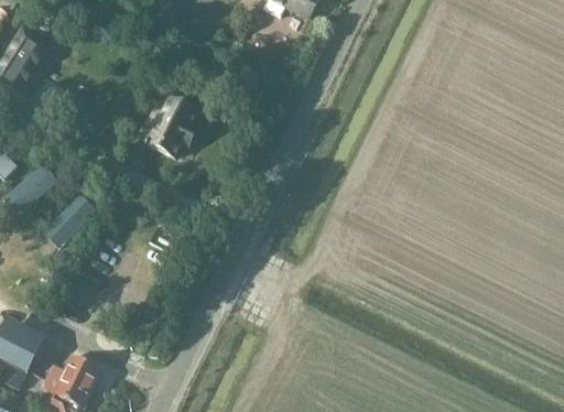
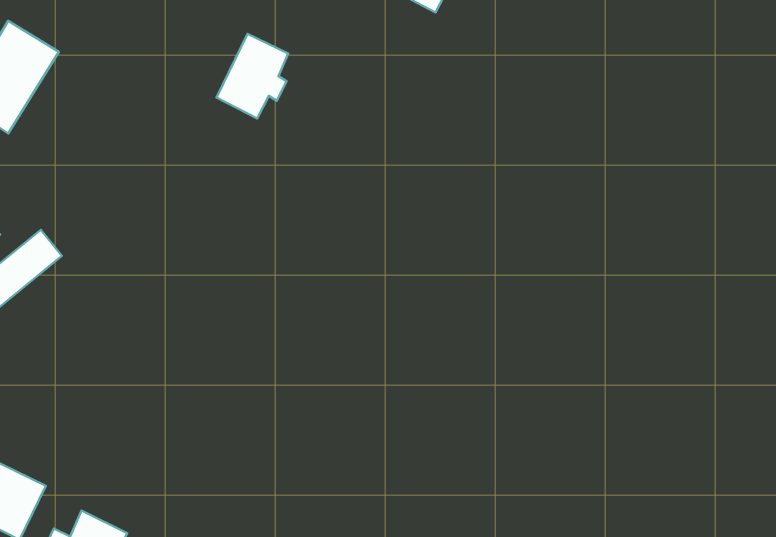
building: [148,98,196,155] -> [217,34,288,119]
building: [43,194,95,246] -> none

